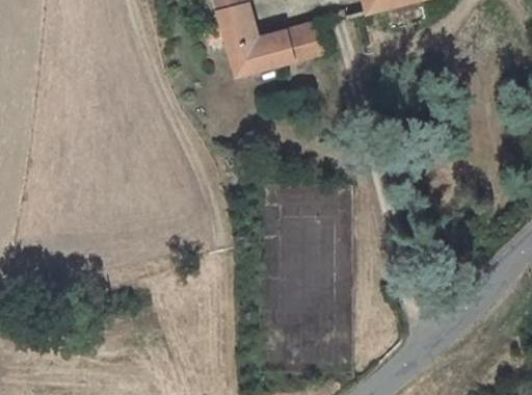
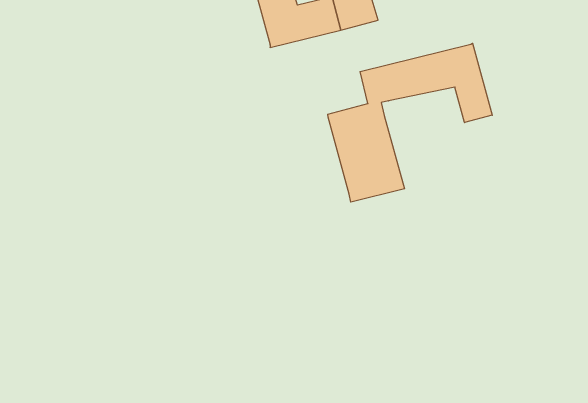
building: none -> [328,43,492,202]

